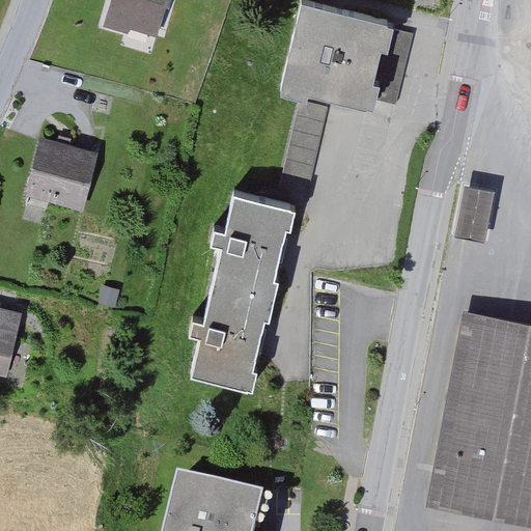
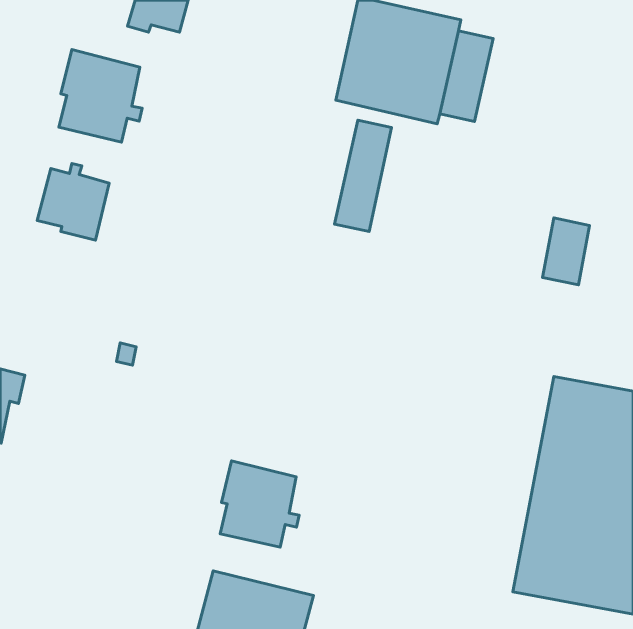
building: none -> [59,49,142,142]
building: [191,192,290,387] -> none
building: none -> [220,461,299,547]

